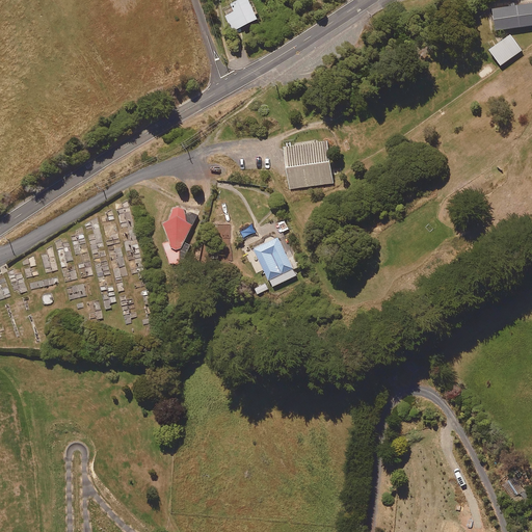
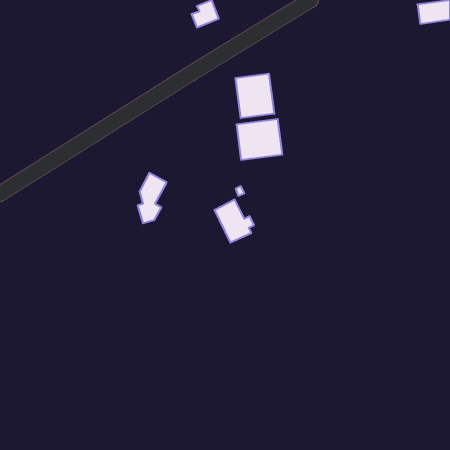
building: [488,33,522,64] -> none
building: none -> [236,74,274,118]

